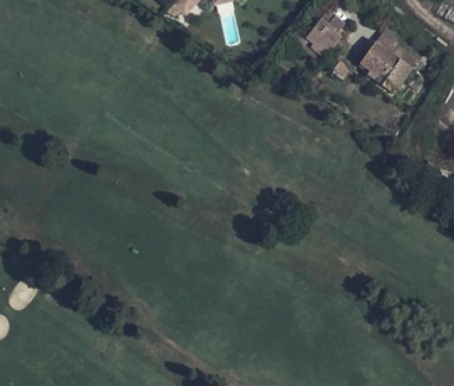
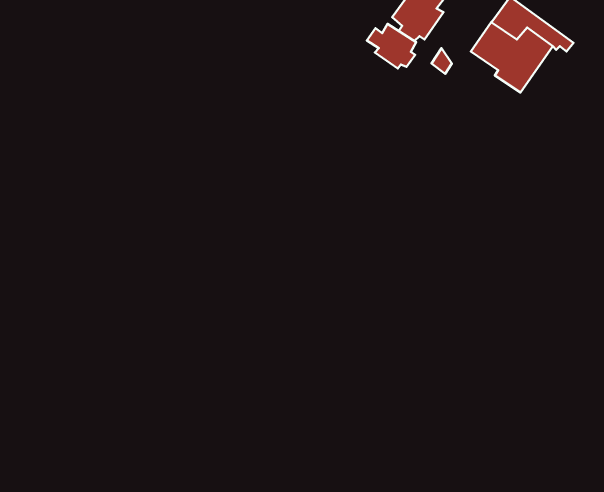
building: none -> [367,24,416,69]

